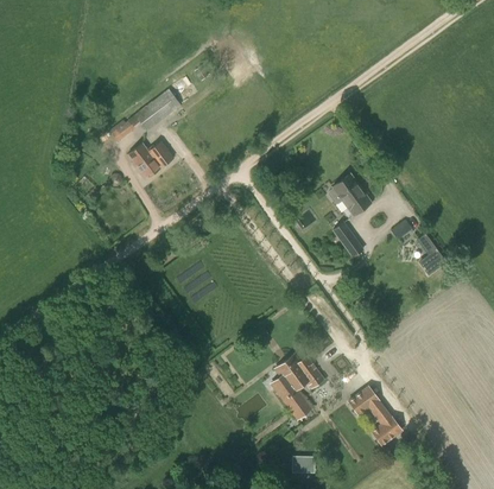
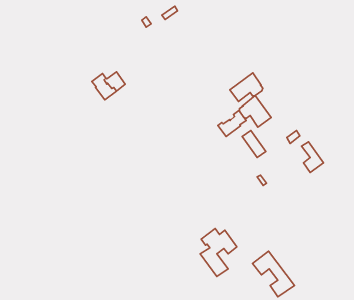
building: [110,88,182,141] -> none
building: none -> [230,73,263,102]
building: none -> [218,111,246,137]

